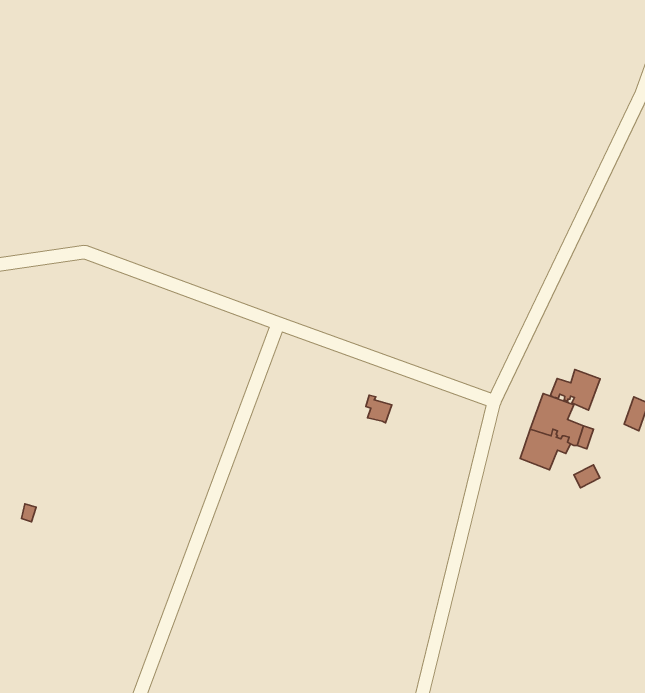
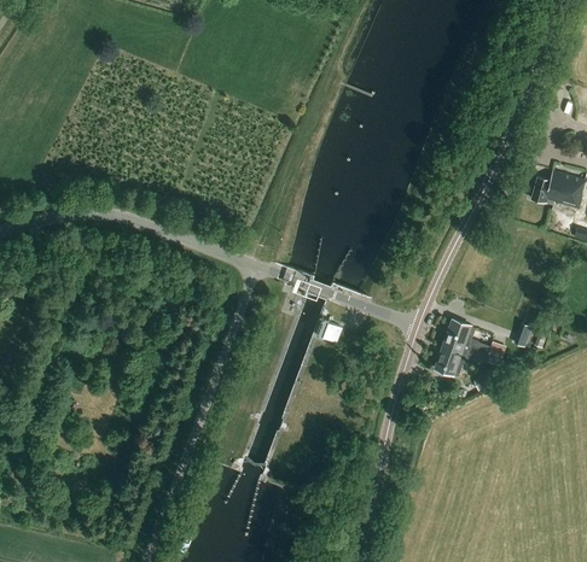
building: [550,369,600,410] -> none

